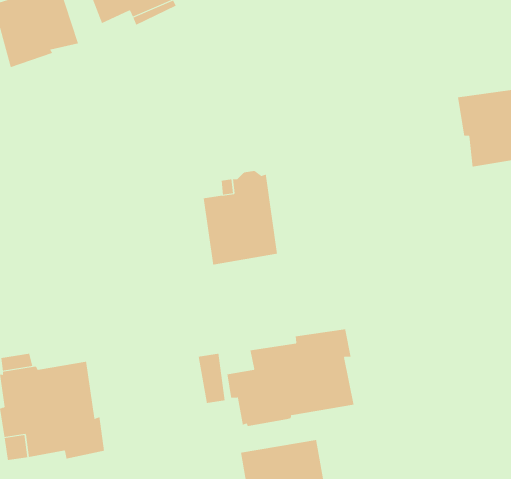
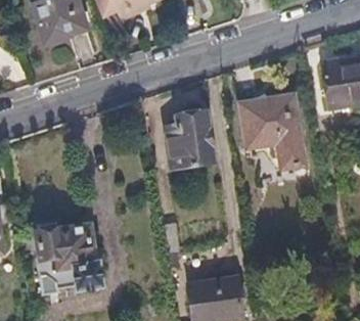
building: none -> [239,95,304,168]
building: [227,329,354,427] -> none

